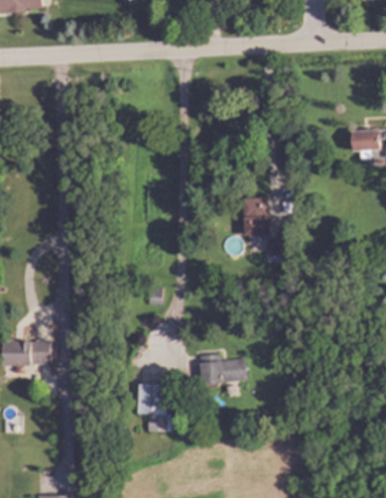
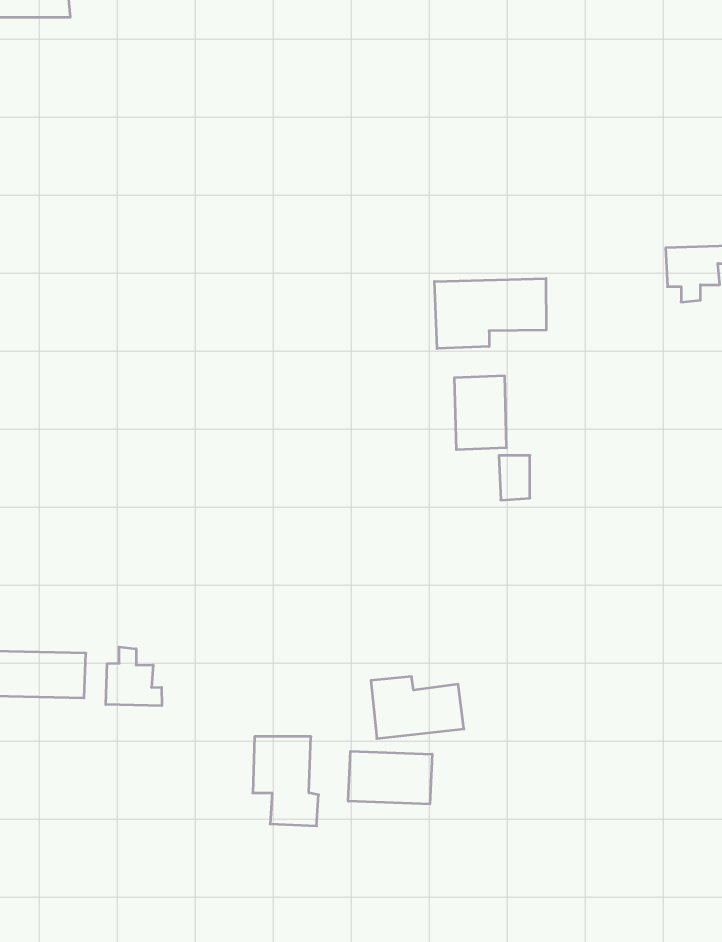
building: none -> [434,278,546,349]
building: none -> [106,647,162,706]
building: none -> [348,751,432,804]

